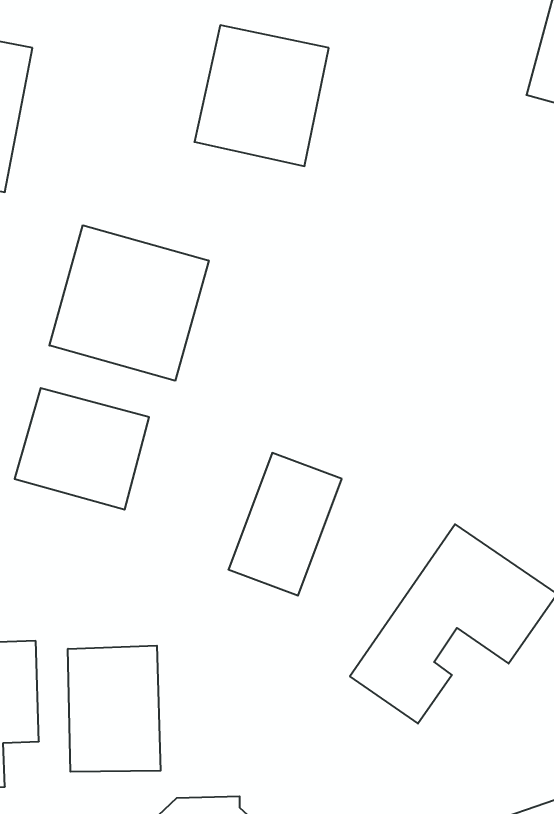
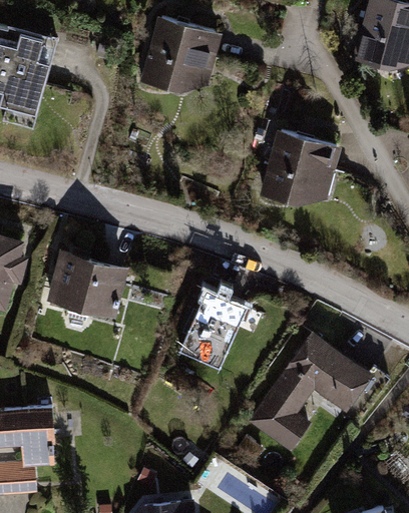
building: none -> [263,133,338,211]
building: [49,225,209,381] -> none
building: [68,646,161,772] -> none

